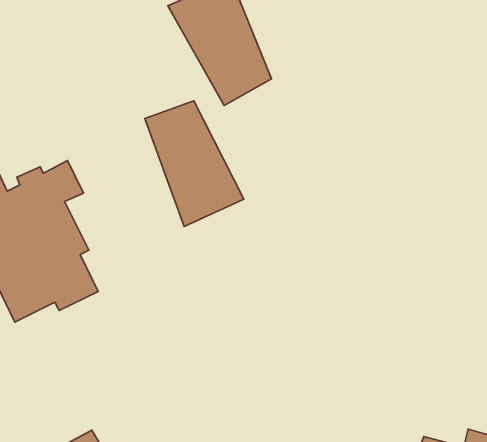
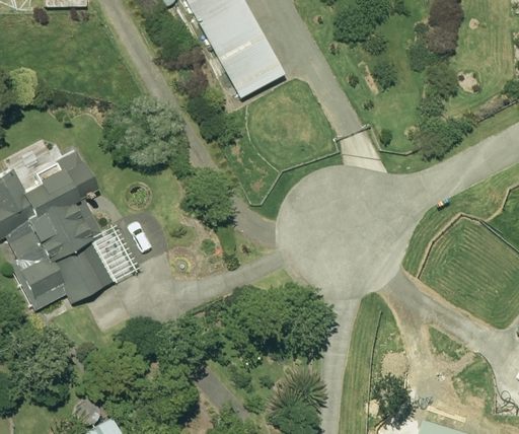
building: [145,101,244,227] -> none

